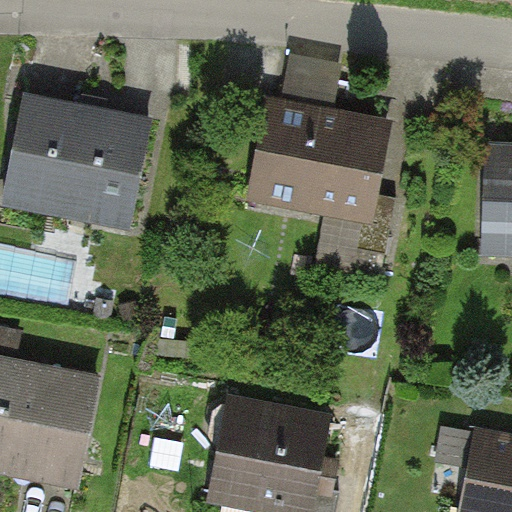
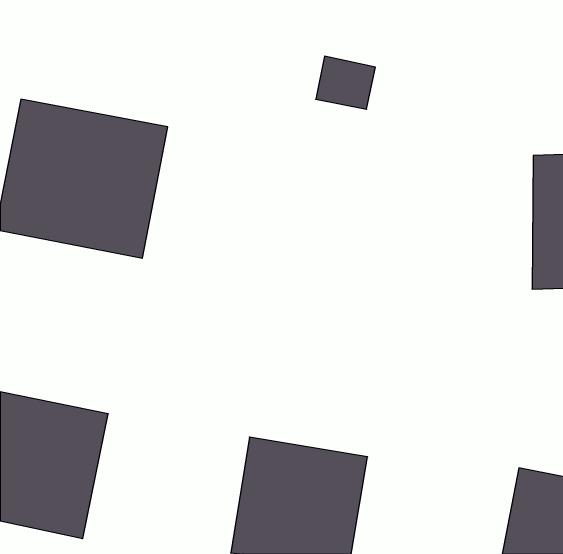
building: [245,99,389,231] -> none

